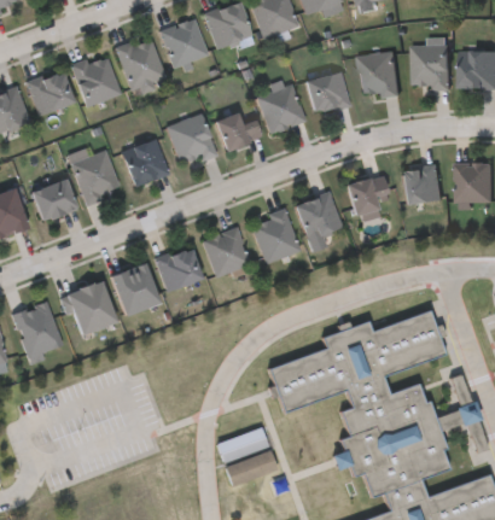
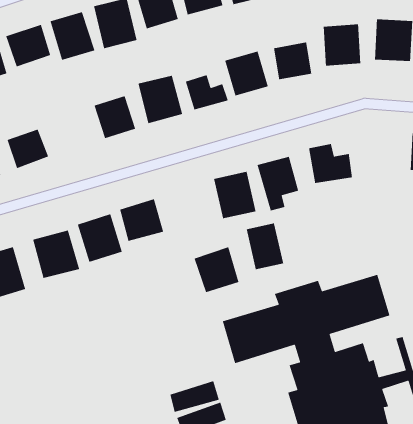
building: [70,146,120,204] -> none
building: [403,164,443,203] -> none
building: [200,226,250,276] -> [194,246,240,293]
building: none -> [246,222,284,270]

